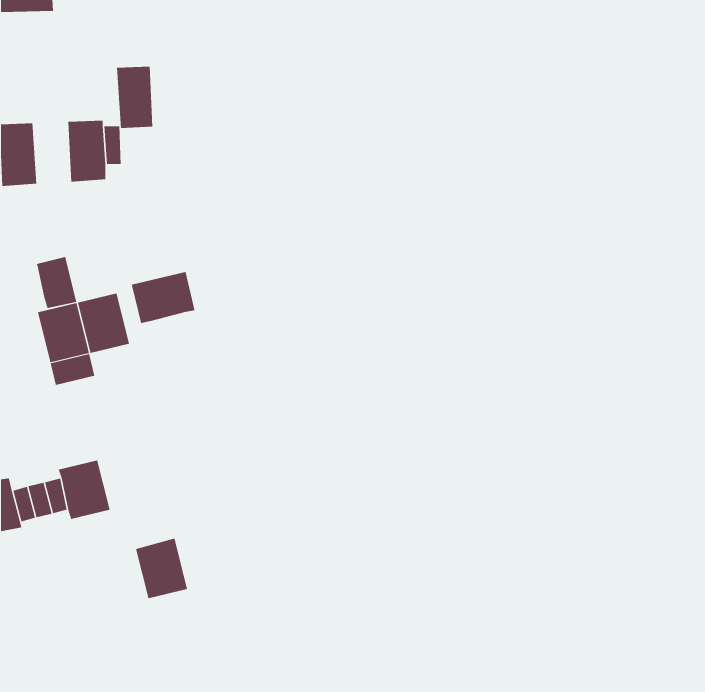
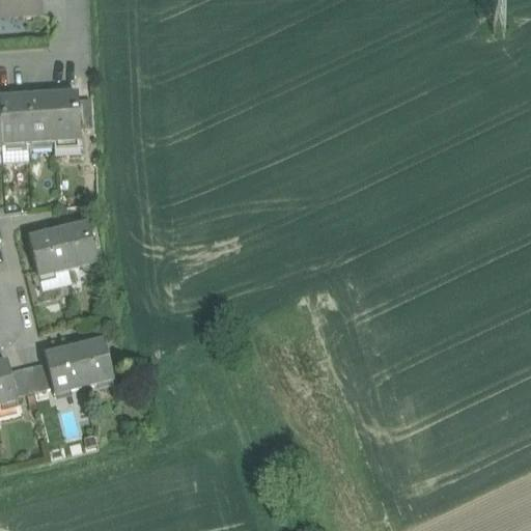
building: [116,66,153,128] -> [25,91,53,138]
building: [36,256,77,309] -> none
building: [131,271,195,324] -> none
building: [135,538,188,599] -> [74,337,113,383]

